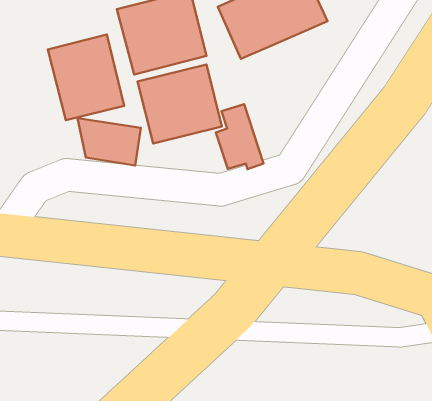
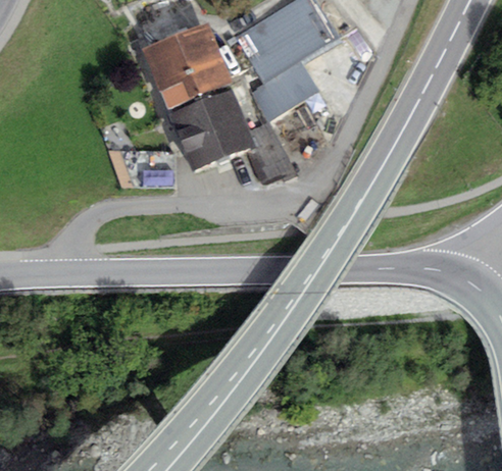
building: [48,35,124,120] -> none
building: none -> [248,59,319,122]

